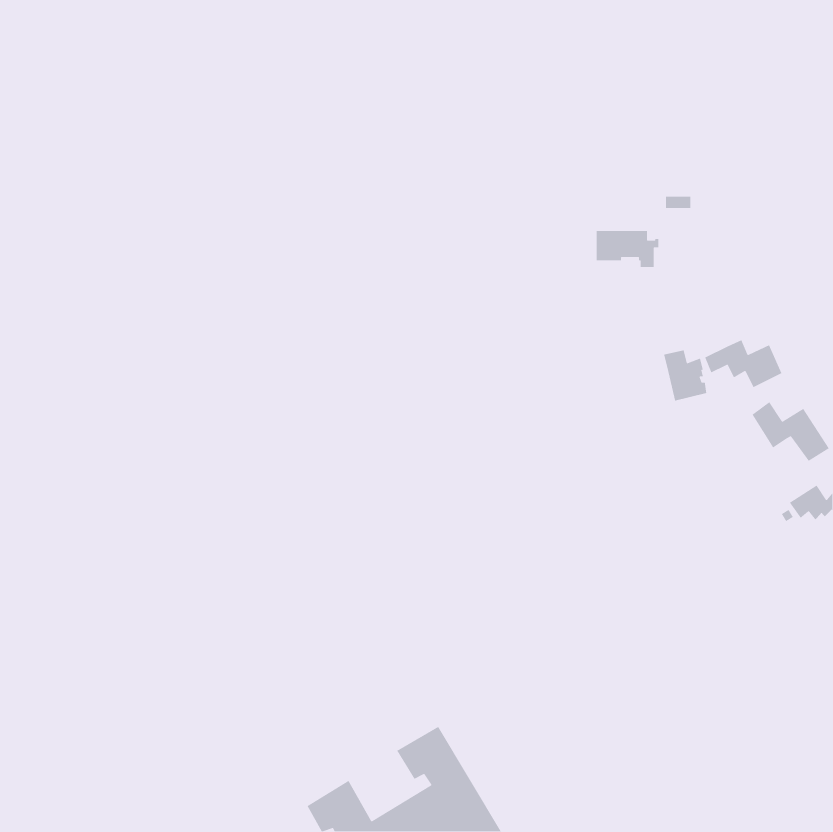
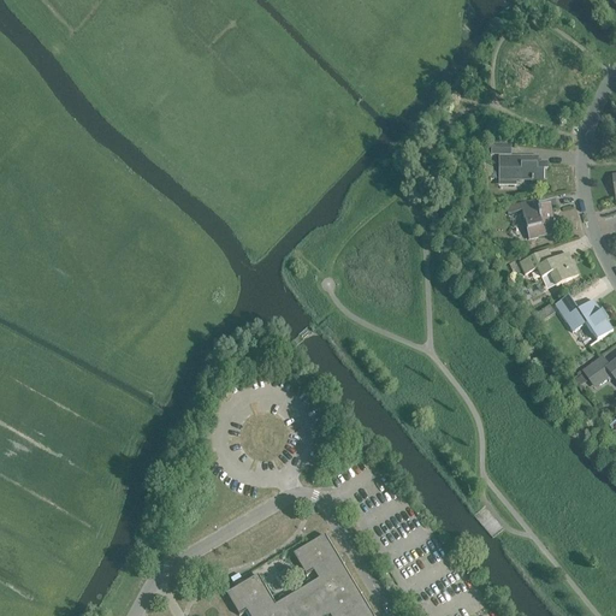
building: [596,230,659,268] -> [499,156,546,184]
building: [663,349,707,402] -> [520,201,552,239]

